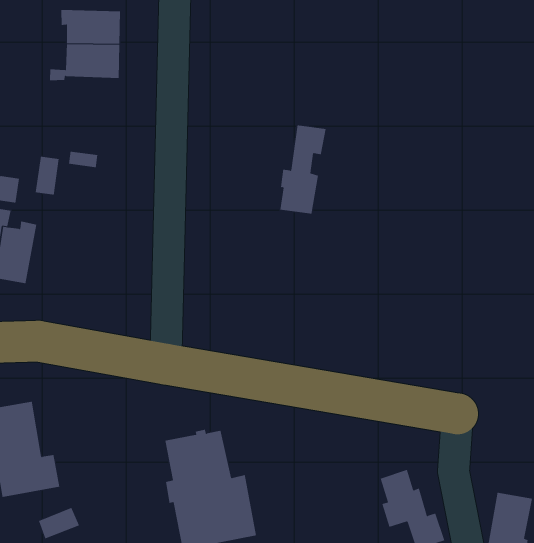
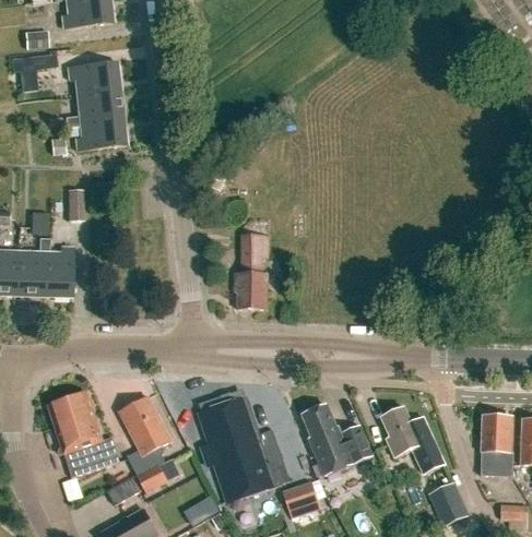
building: none -> [73,117,126,151]
building: [280,125,327,214] -> [235,235,267,307]
building: none -> [121,398,174,493]
building: none -> [305,403,373,473]

